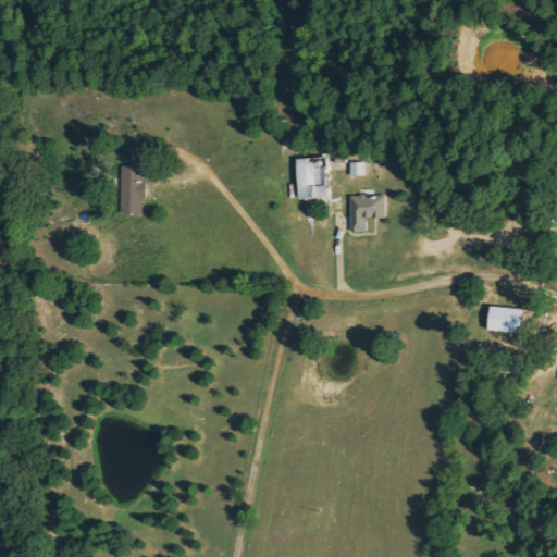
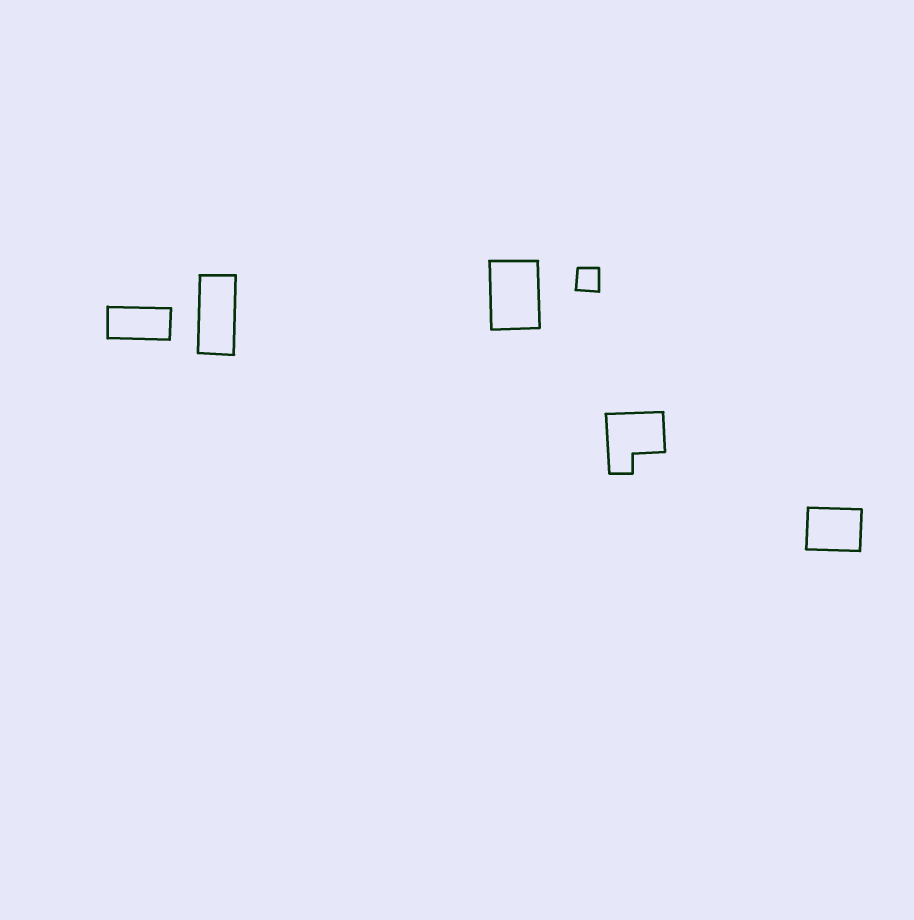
building: none -> [108,307,171,340]
building: [348,195,384,232] -> [606,412,665,473]

